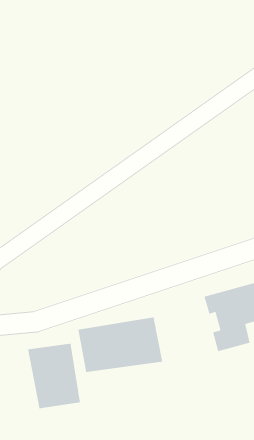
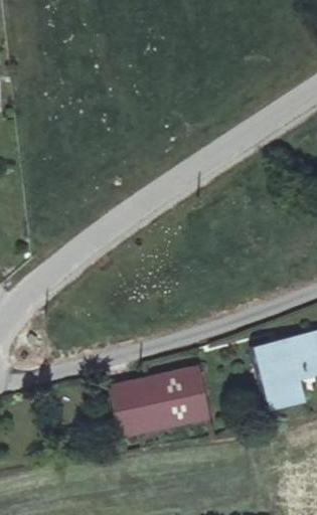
building: [27,343,81,409] -> none

